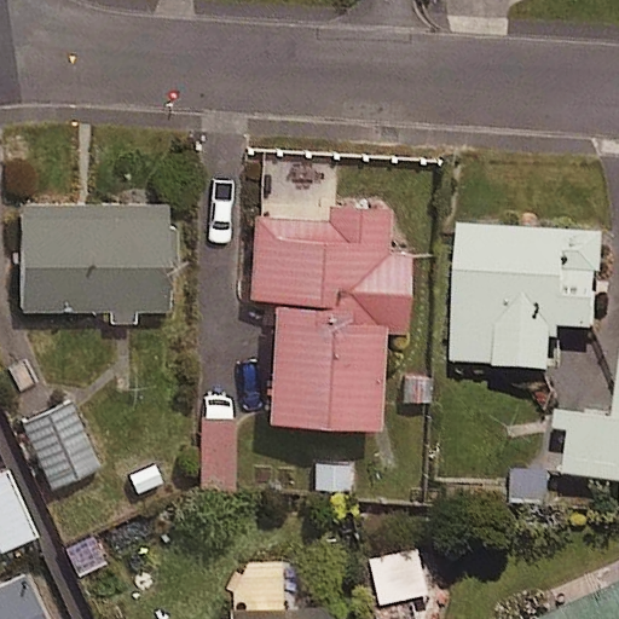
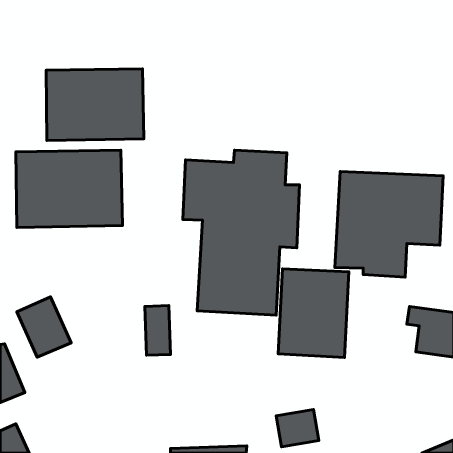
building: none -> [46,69,144,141]
building: none -> [278,269,349,358]

